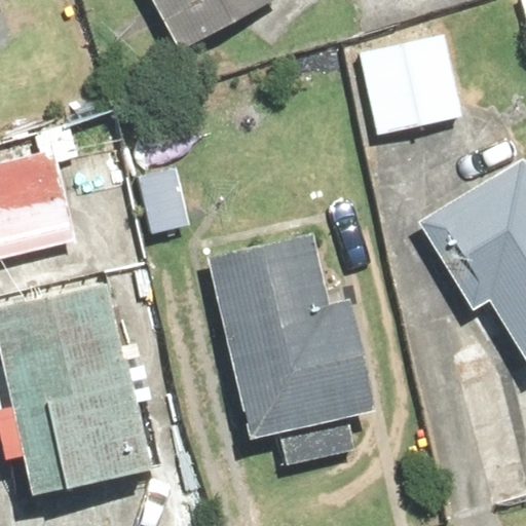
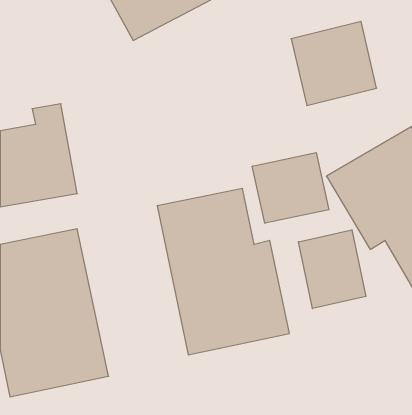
building: none -> [252,153,329,223]
building: none -> [298,230,366,309]

